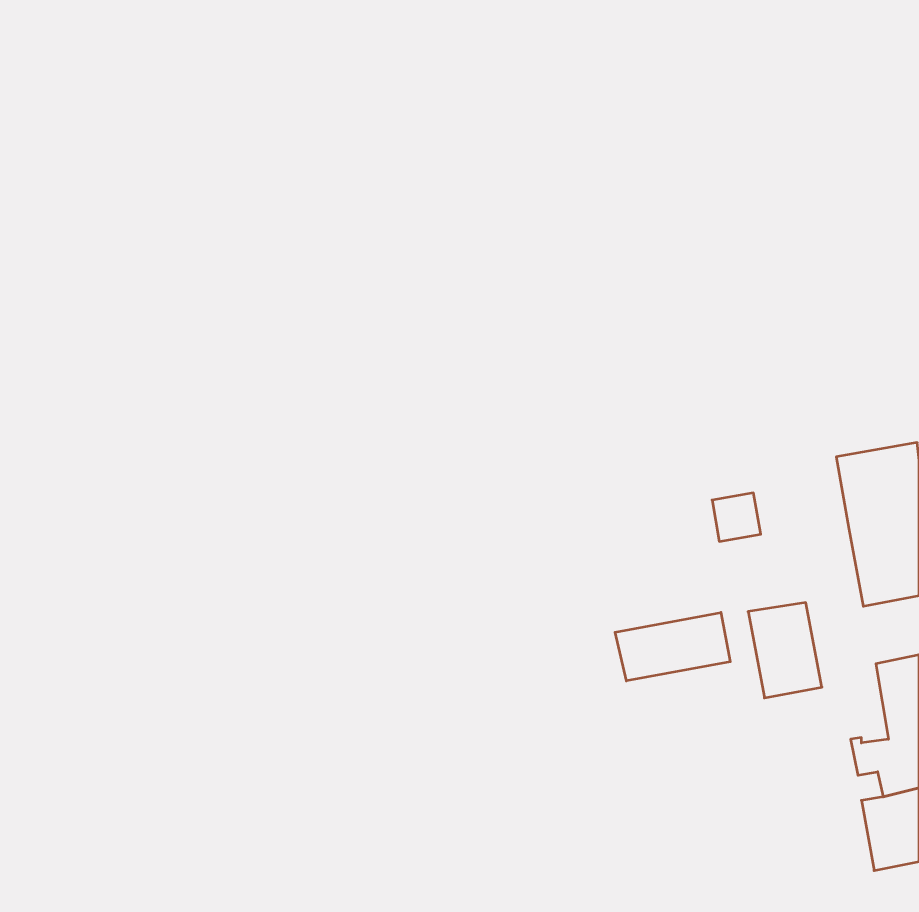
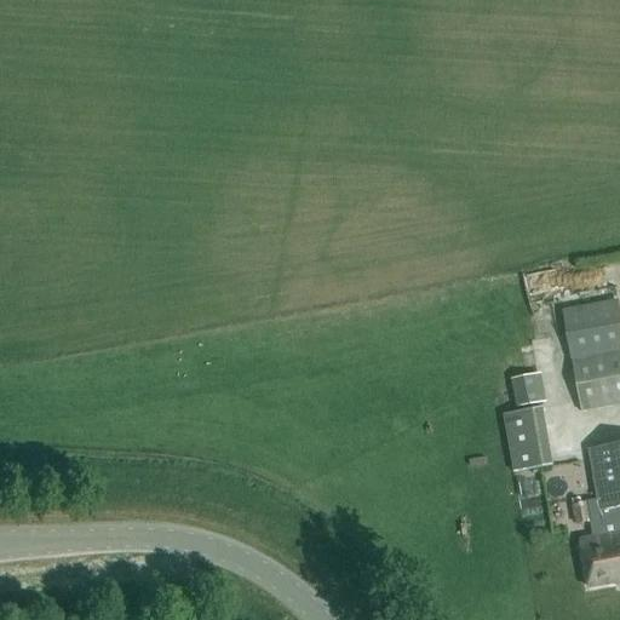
building: [712,493,761,541] -> [512,373,545,406]
building: [615,612,730,681] -> none

